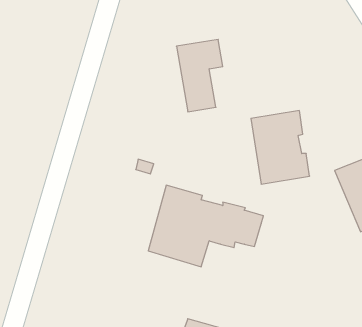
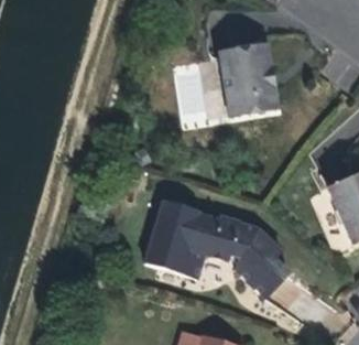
building: [251,111,310,184] -> [220,43,278,115]
building: none -> [235,237,289,298]

